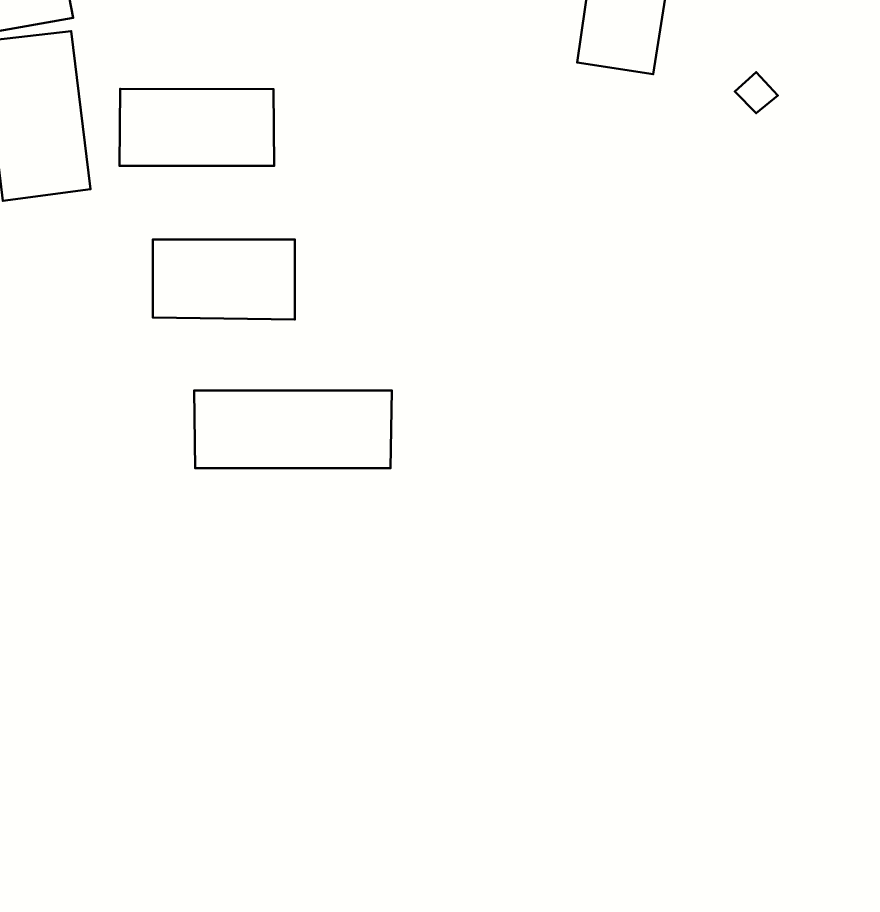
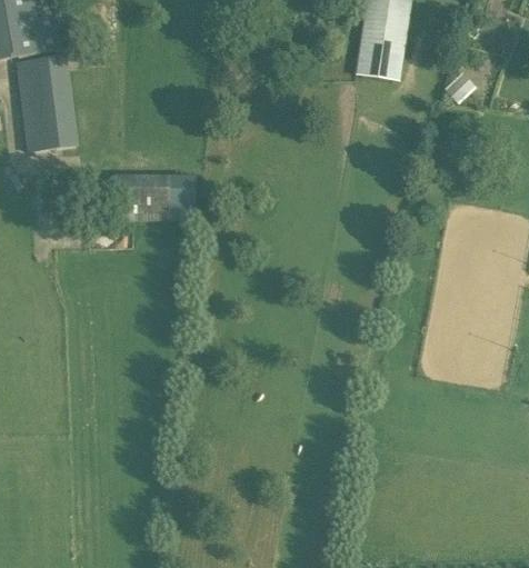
building: [119,89,274,166] -> none
building: [194,390,392,468] -> none

